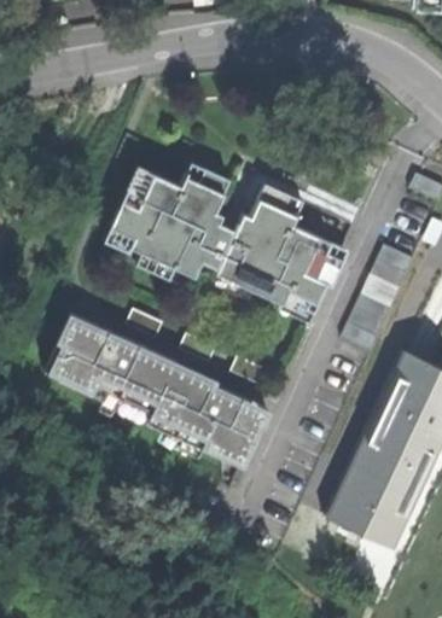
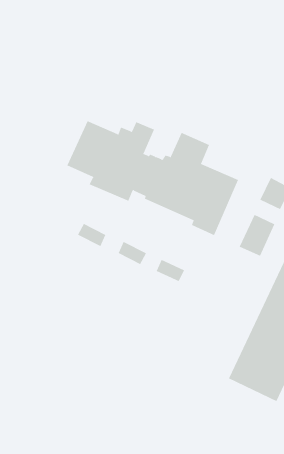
building: [43,314,267,467] -> none

